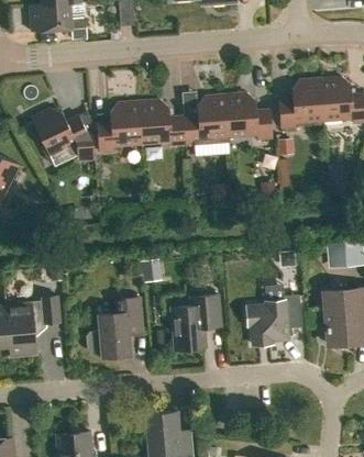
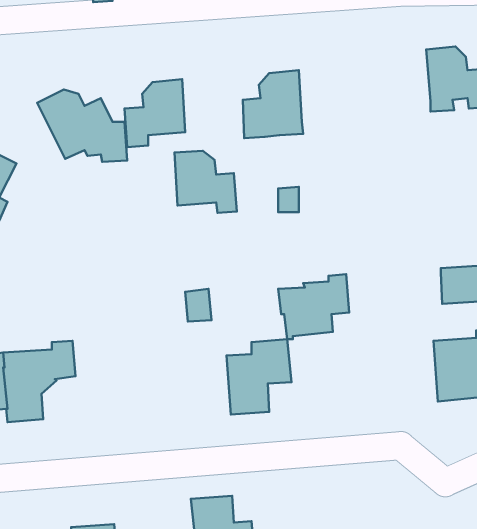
building: [279,79,324,129] -> none
building: [227,93,273,140] -> none
building: [140,100,186,146] -> [175,151,237,213]
building: [247,296,300,344] -> [278,274,349,339]
building: [87,298,142,357] -> none

